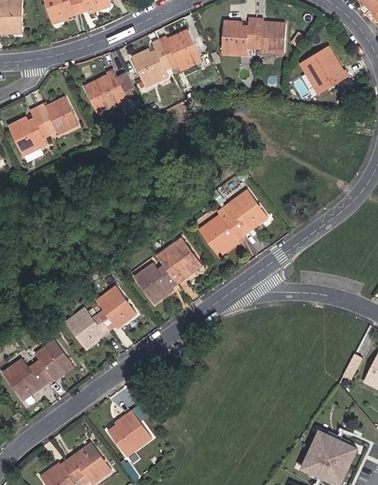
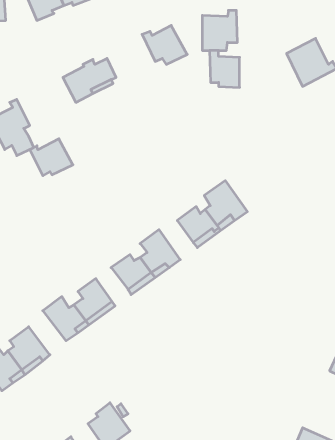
building: [253,16,283,53] -> [210,50,240,87]
building: [133,40,172,87] -> none
building: [34,94,77,131] -> [30,139,73,176]

